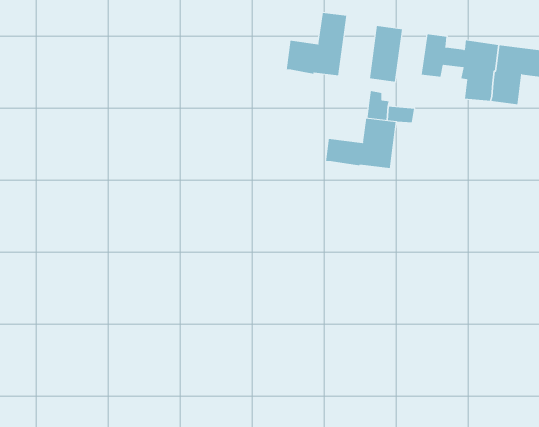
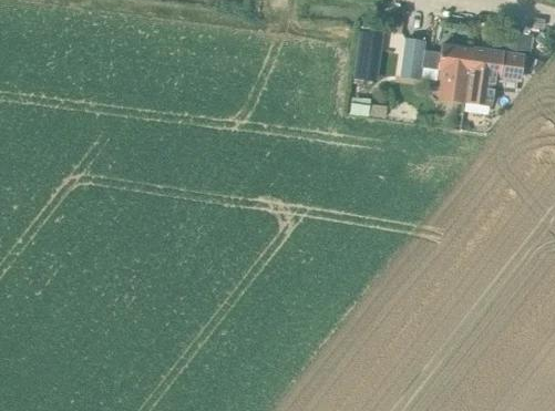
building: [286,12,347,76] -> none
building: [325,118,396,169] -> none

